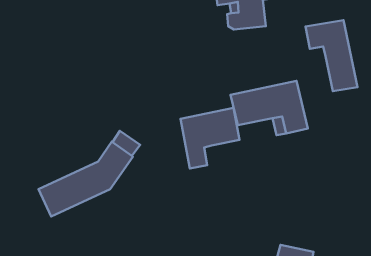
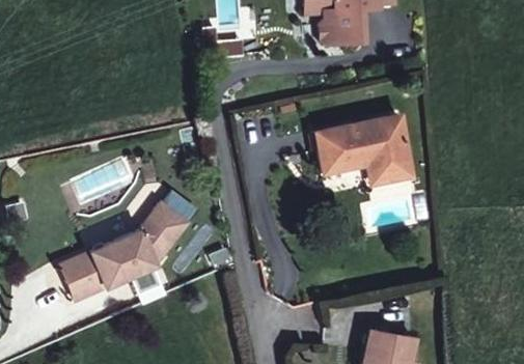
building: [305,20,357,91] -> none
building: [181,108,239,169] -> none

